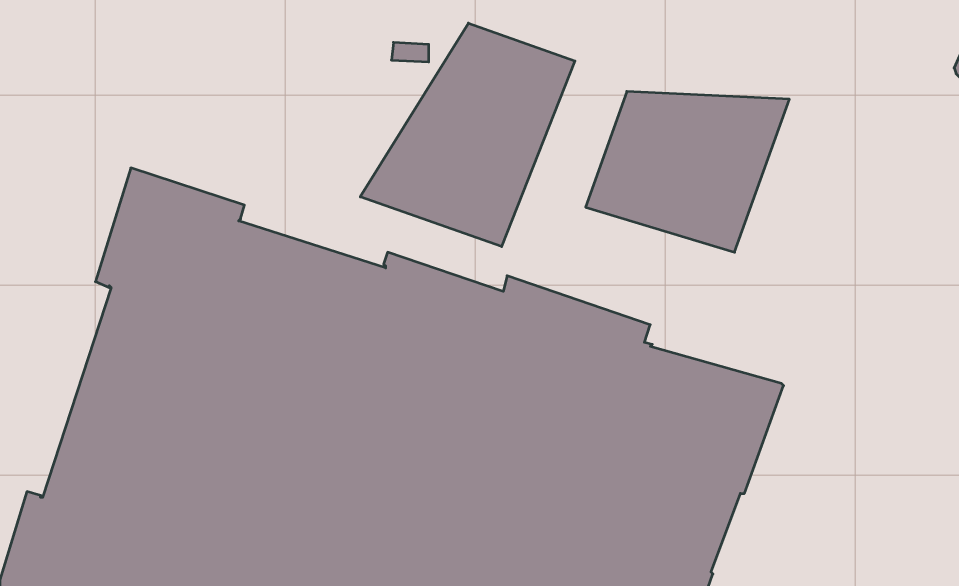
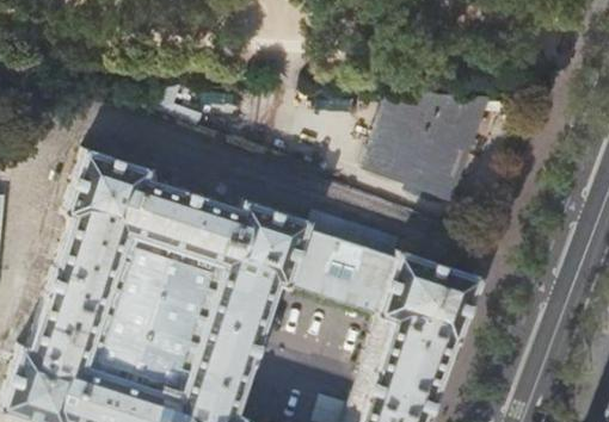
building: [360,23,575,247] -> none

